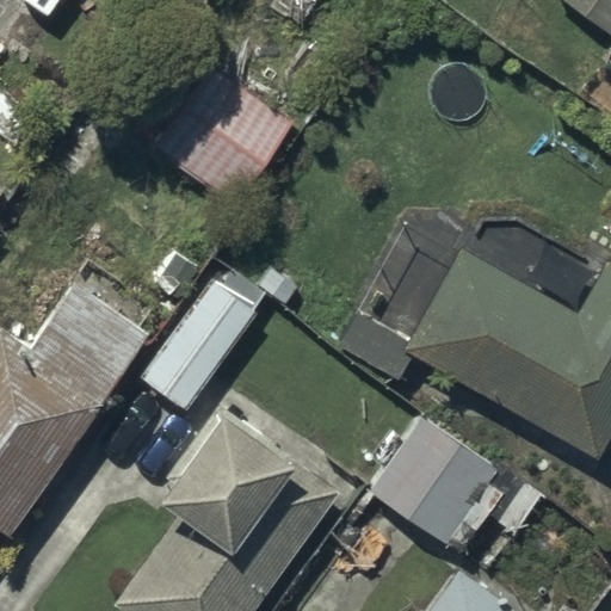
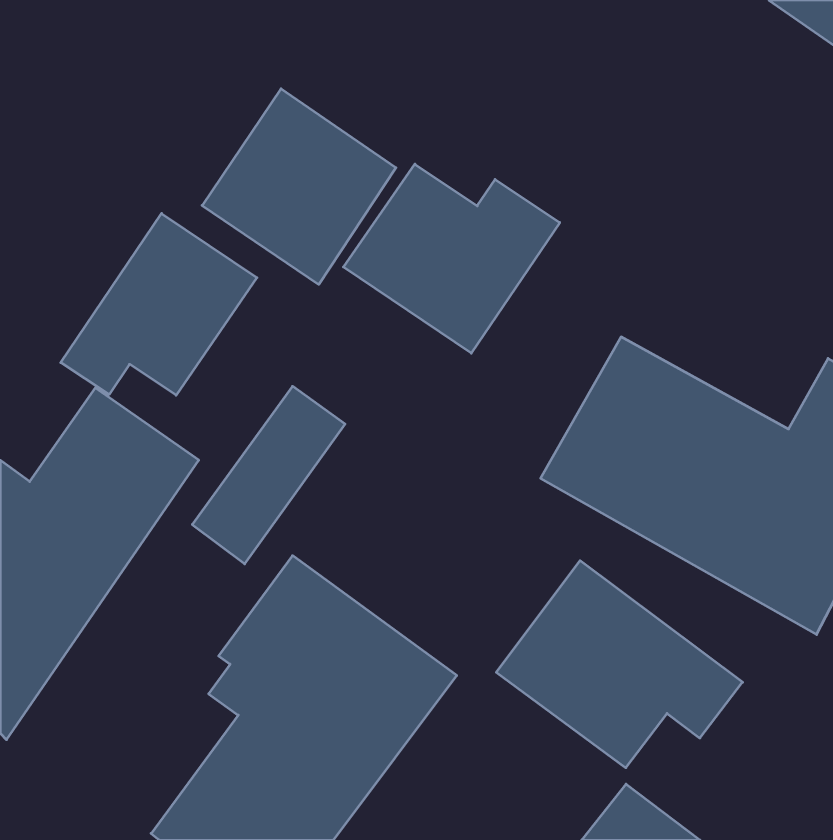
building: none -> [343,164,560,353]
building: none -> [61,213,257,395]

